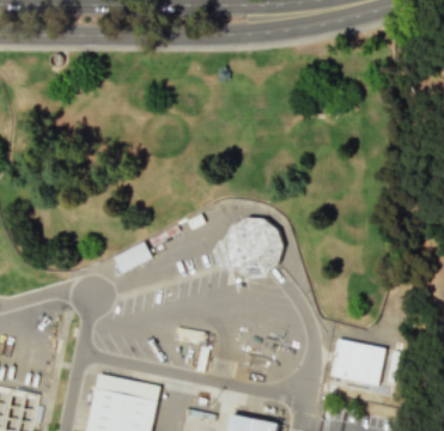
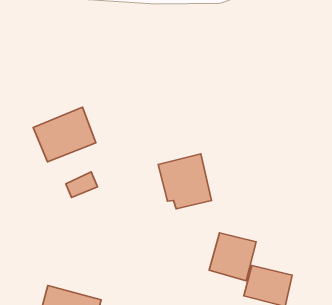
building: none -> [33,107,96,162]
building: none -> [209,233,256,281]

